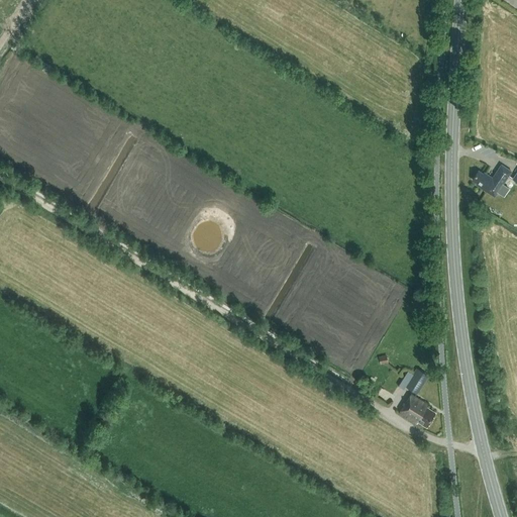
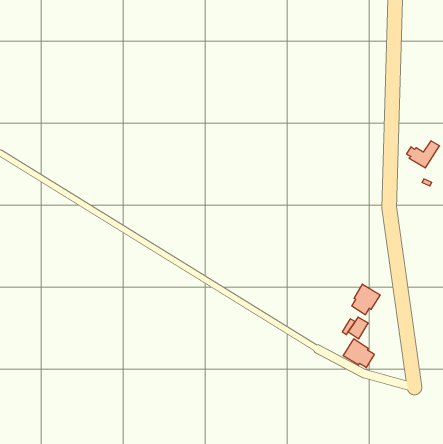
building: none -> [352,284,380,315]

